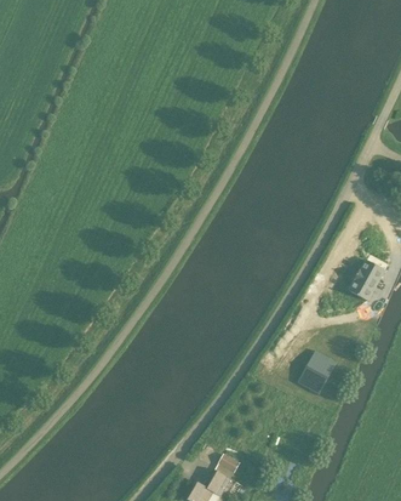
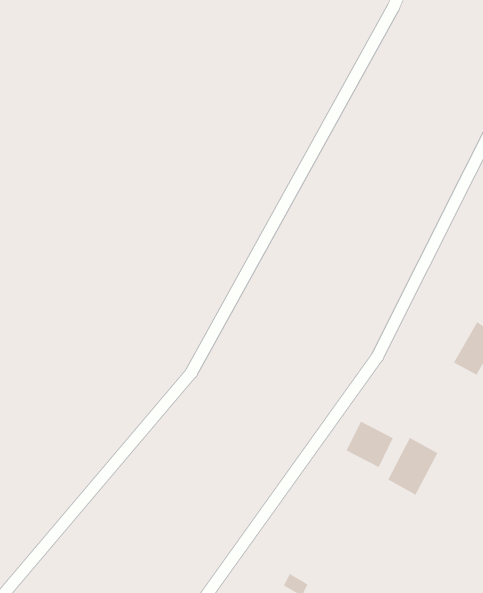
building: none -> [346,420,394,468]

